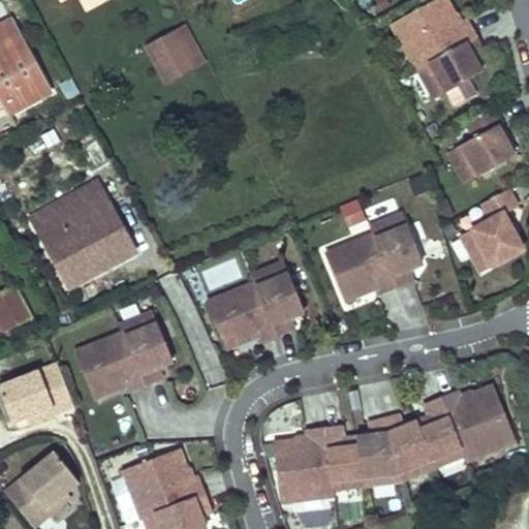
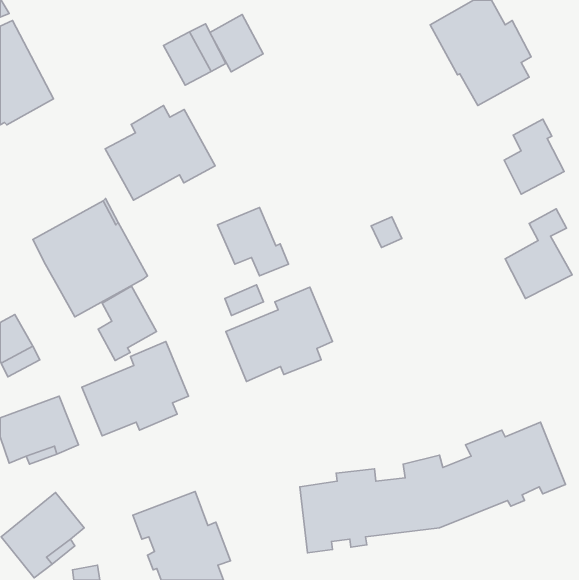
building: none -> [210,15,263,72]
building: none -> [105,106,215,200]
building: none -> [218,207,288,276]
building: [325,213,423,299] -> none
building: none -> [98,286,156,361]

